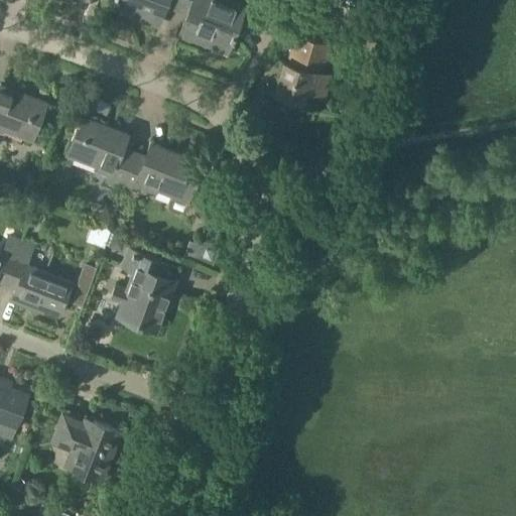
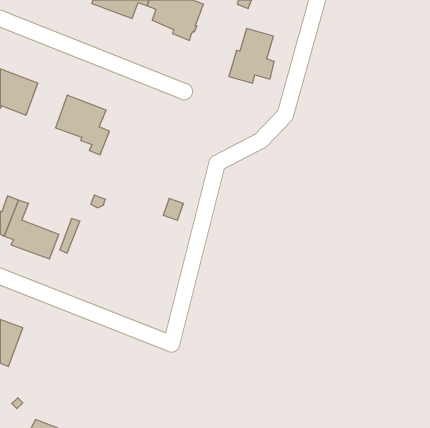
building: [120,143,202,215] -> none
building: [111,251,173,330] -> none
building: [54,416,118,479] -> none

